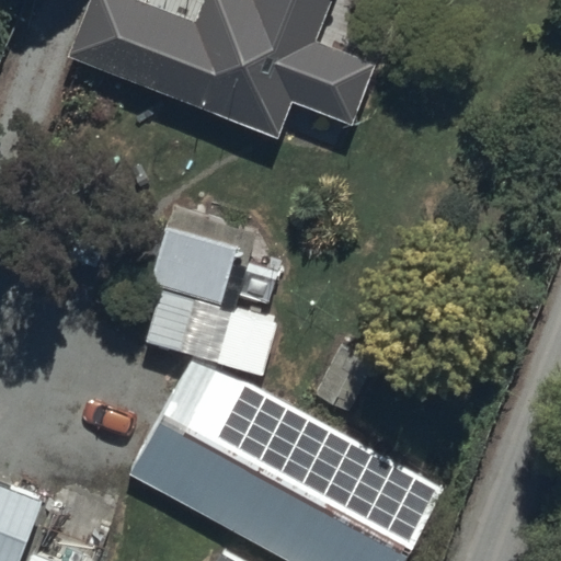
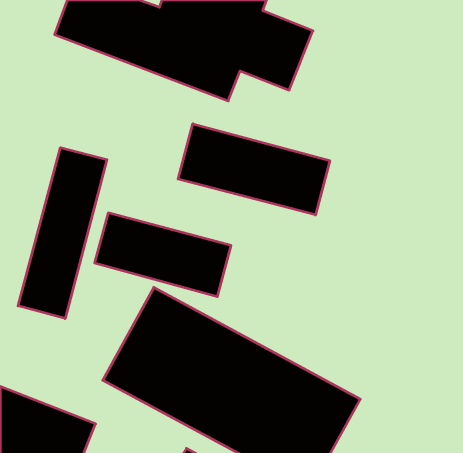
building: none -> [178,124,330,215]
building: none -> [18,148,107,319]

